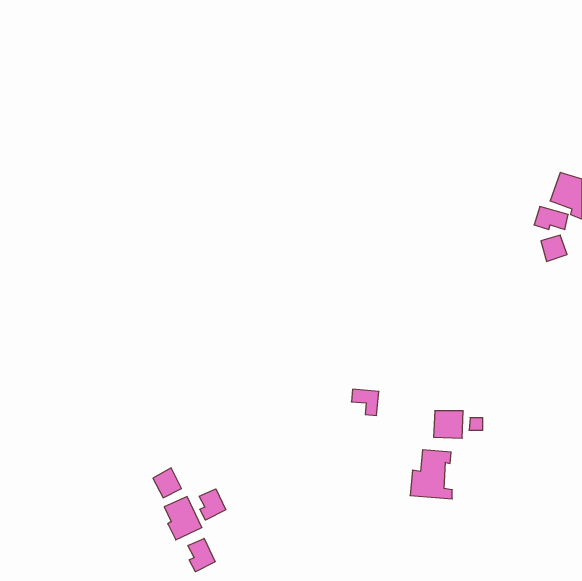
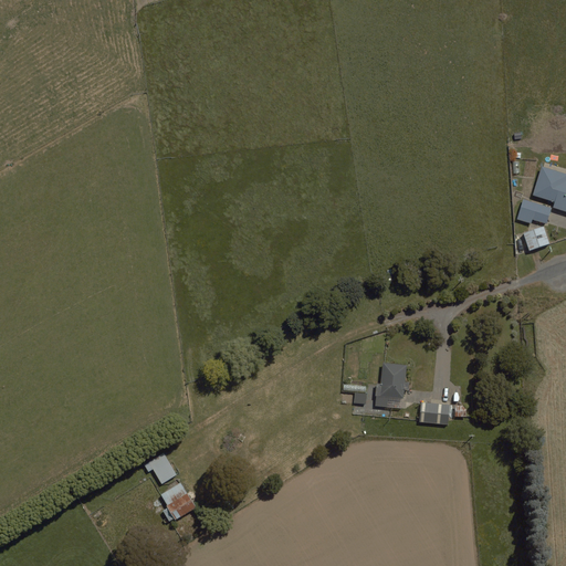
building: [410,450,452,499] -> [371,361,412,409]
building: [199,489,226,520] -> none
building: [188,538,215,572] -> none

